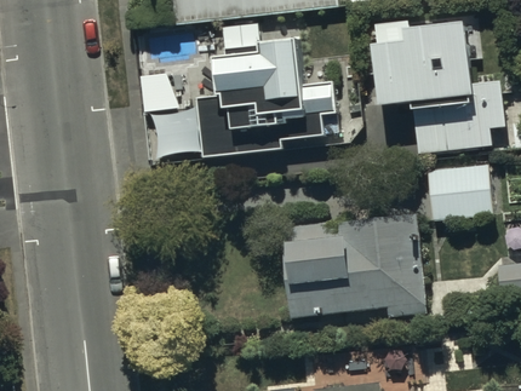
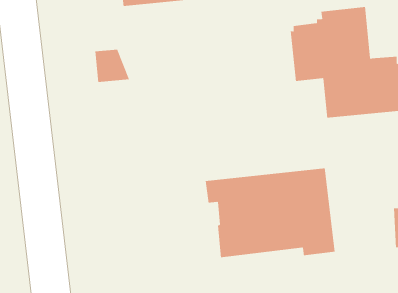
building: [195,34,333,155] -> none
building: [428,163,491,218] -> none

